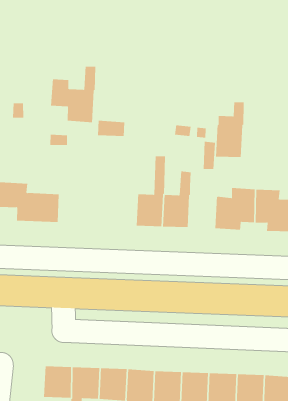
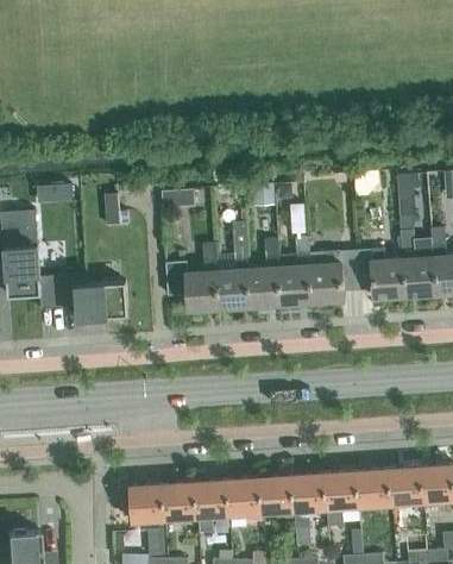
building: [50,66,96,123] -> [165,243,219,311]
building: [215,102,245,158] -> [278,237,312,305]

